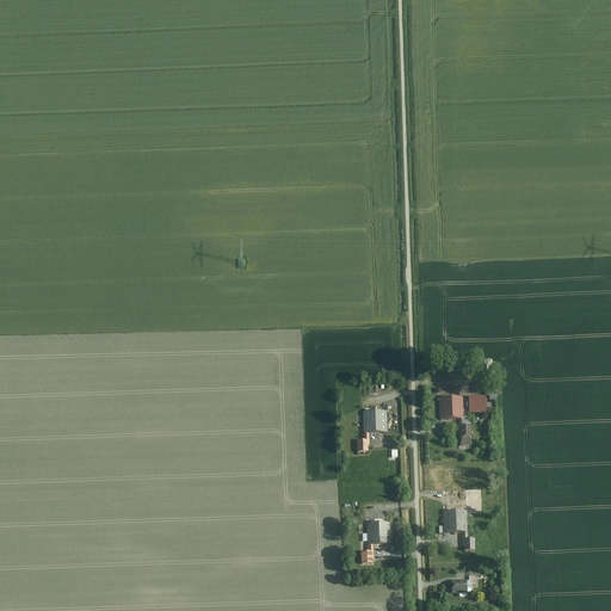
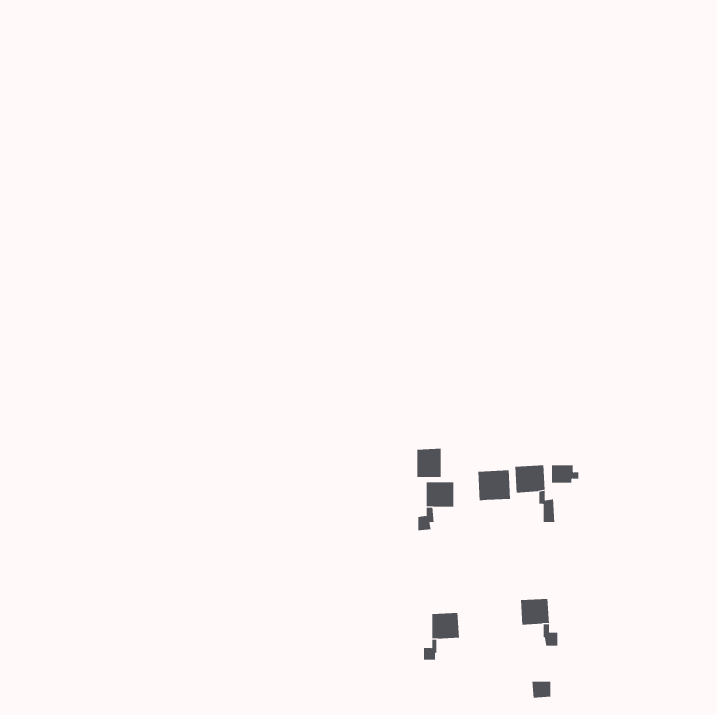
building: none -> [417,448,441,478]
building: none -> [478,470,510,501]

